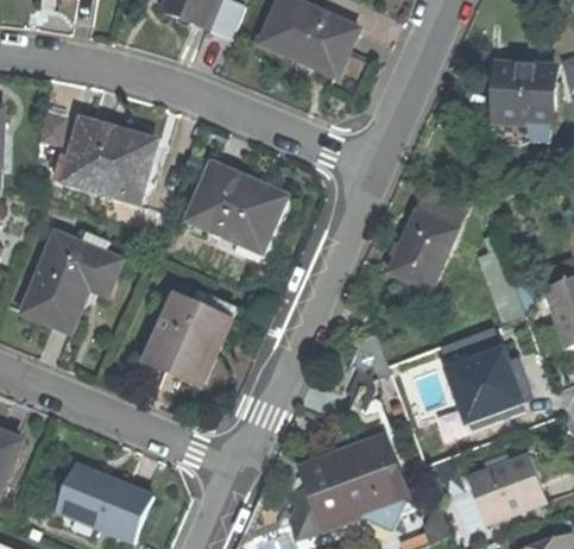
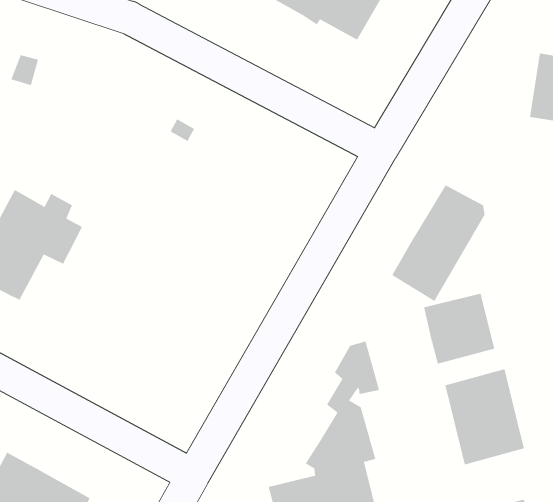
building: [52,121,153,203] -> none
building: [185,164,283,260] -> none
building: none -> [423,293,495,364]
building: [145,294,233,381] -> none

